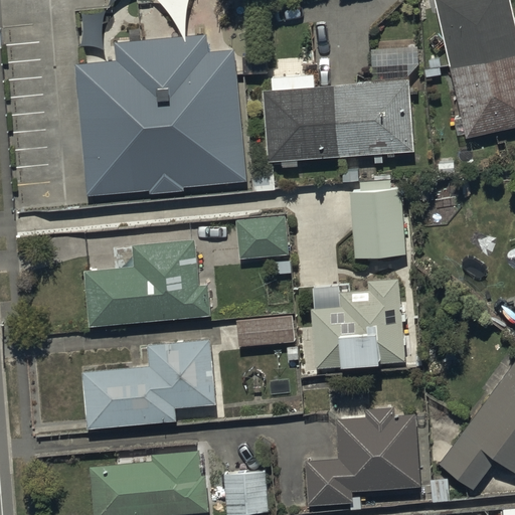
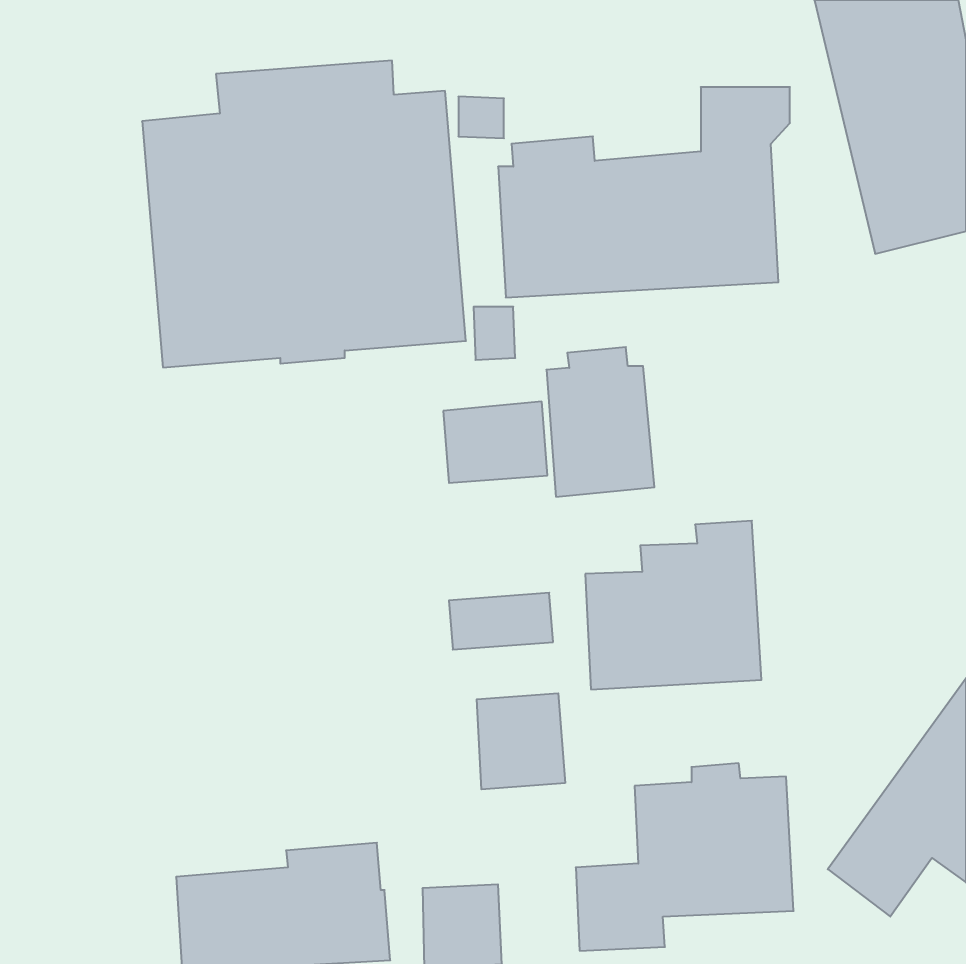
building: [349,181,406,261] -> [546,347,654,497]
building: [83,238,214,328] -> none
building: [81,341,215,427] -> none
building: none -> [477,693,565,789]

